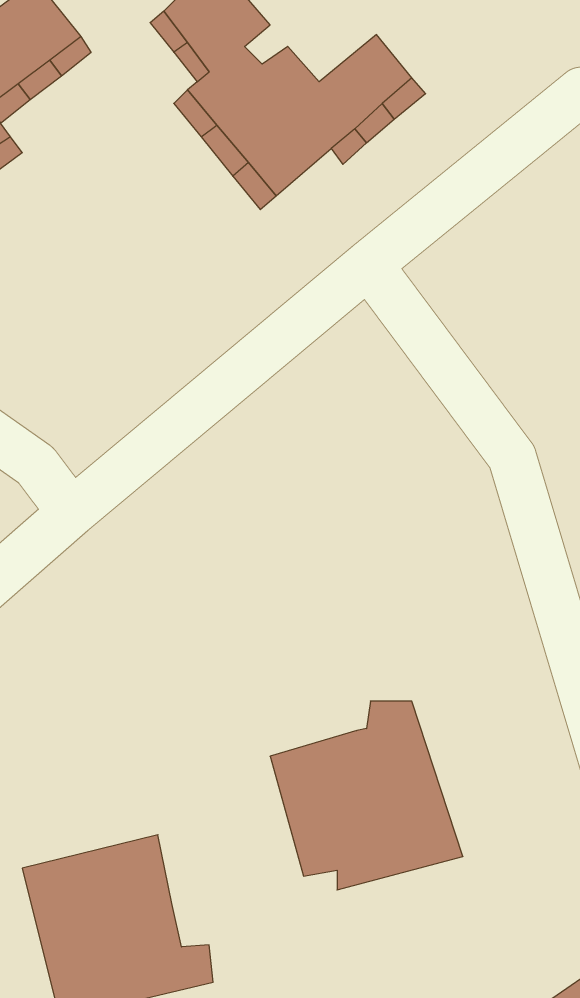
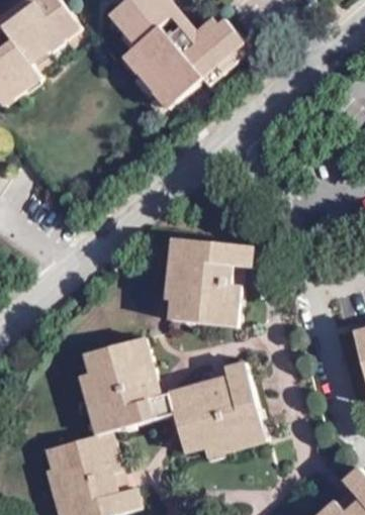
building: none -> [165,238,254,325]
building: none -> [75,335,167,432]

